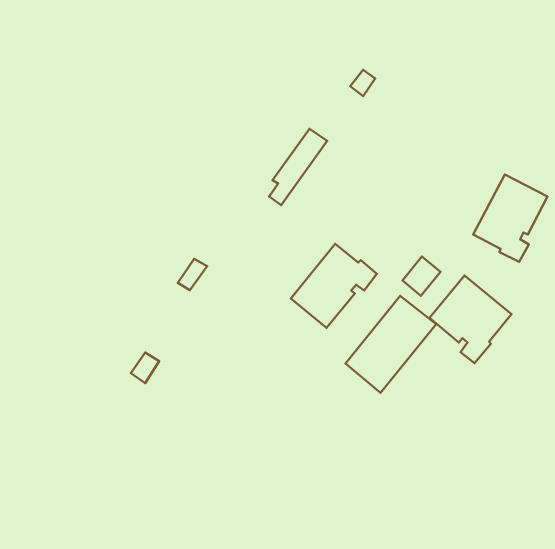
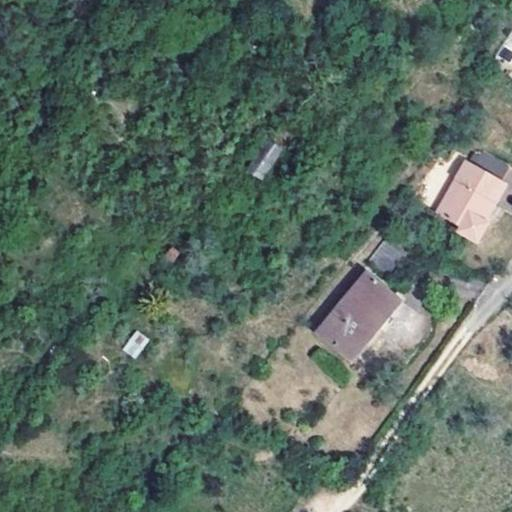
building: [291,244,377,328] -> none
building: [429,276,512,363] -> none

